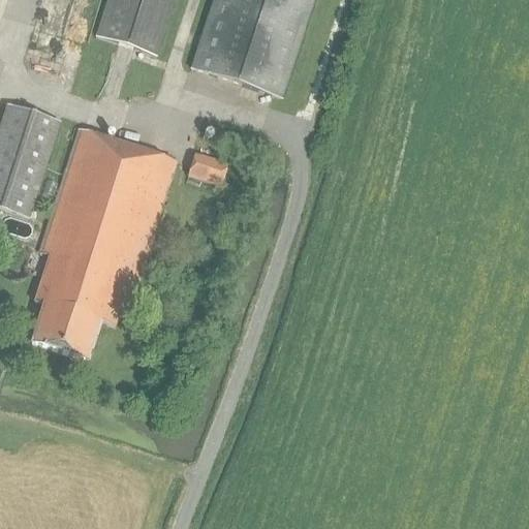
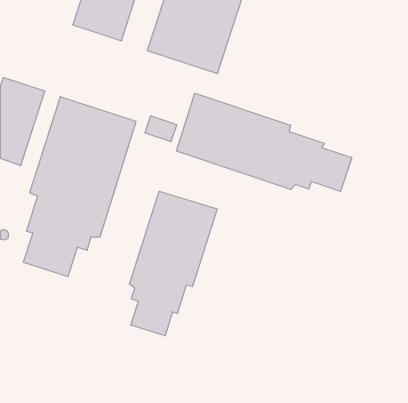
building: none -> [176,93,352,191]
building: none -> [129,191,217,336]

